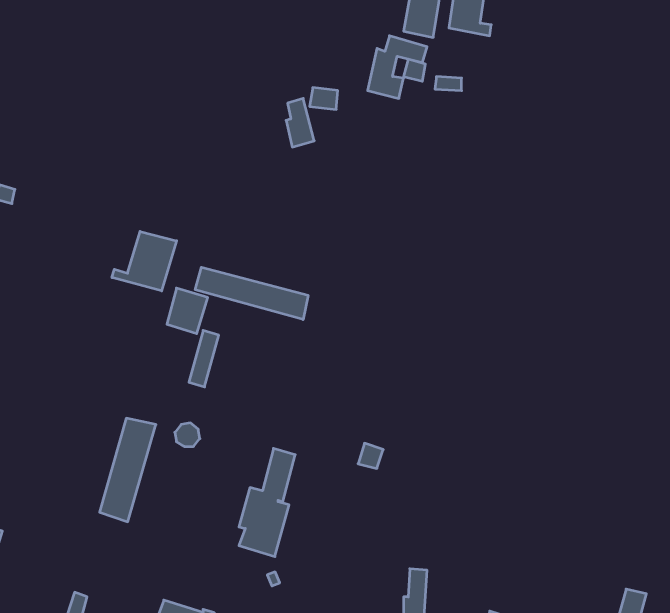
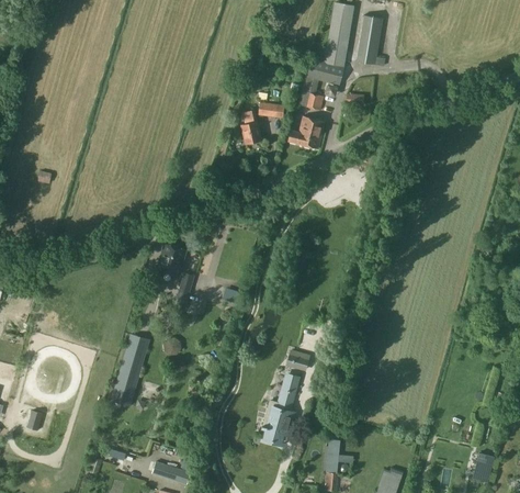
building: none -> [289,115,325,148]
building: [112,231,177,291] -> none
building: [195,267,308,320] -> none
building: [239,448,295,557] -> [261,372,301,448]

